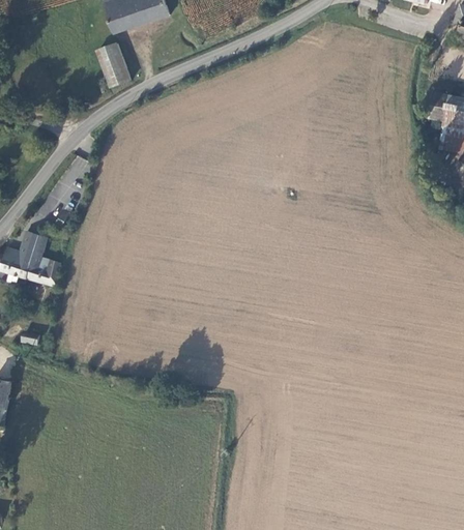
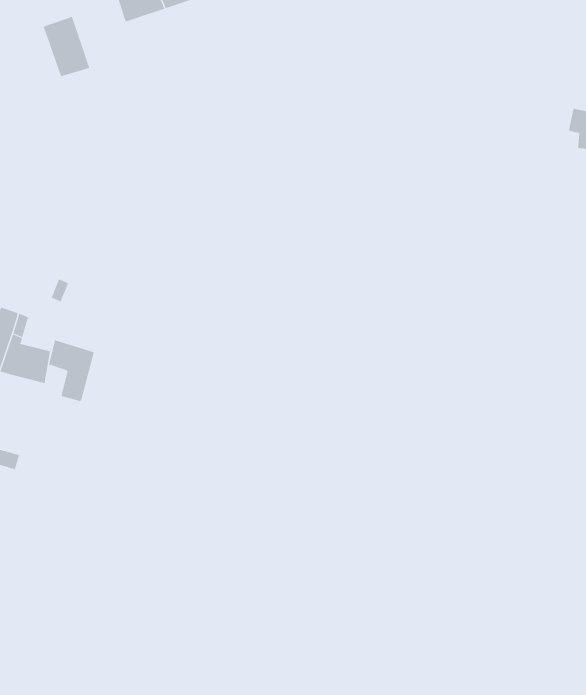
building: [97,45,130,87] -> [43,16,90,77]
building: none -> [48,340,94,402]

